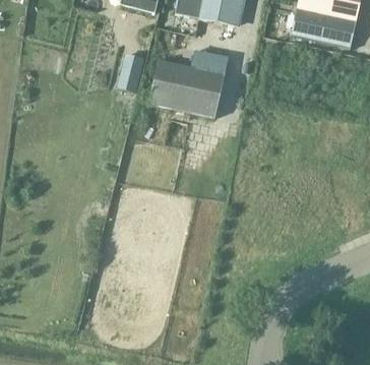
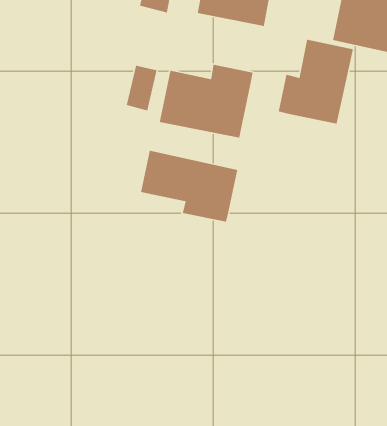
building: none -> [278,39,354,125]
building: none -> [140,150,238,223]

